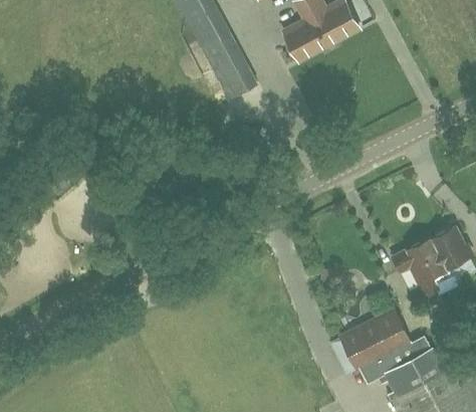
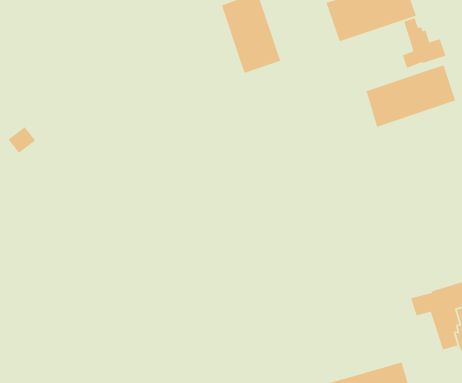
building: none -> [402,17,446,69]
building: none -> [366,65,456,128]

